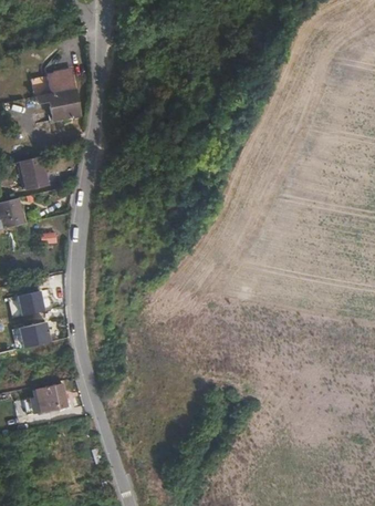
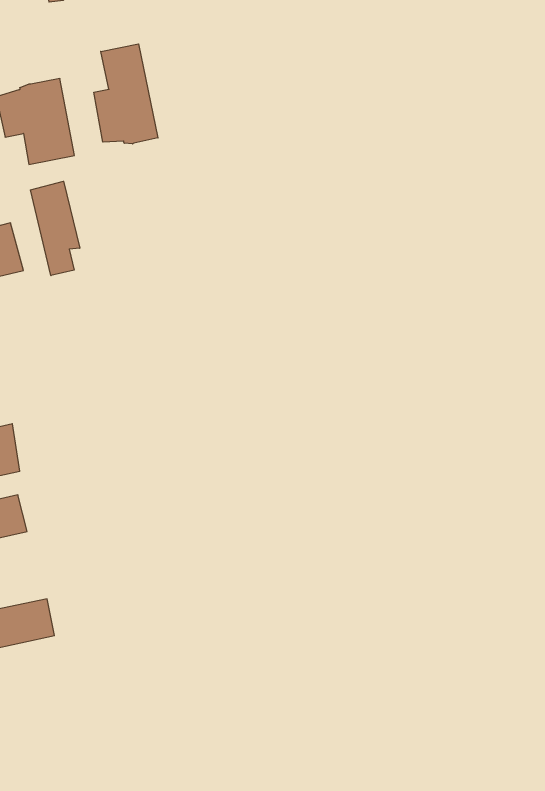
building: none -> [94,44,158,144]
building: none -> [31,181,80,276]

